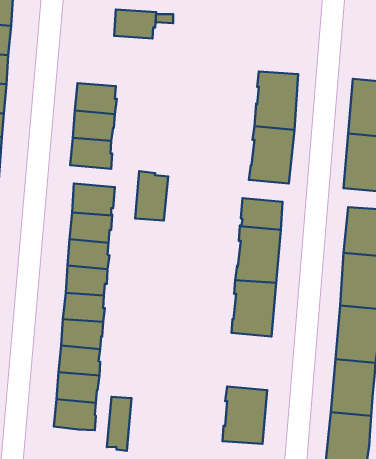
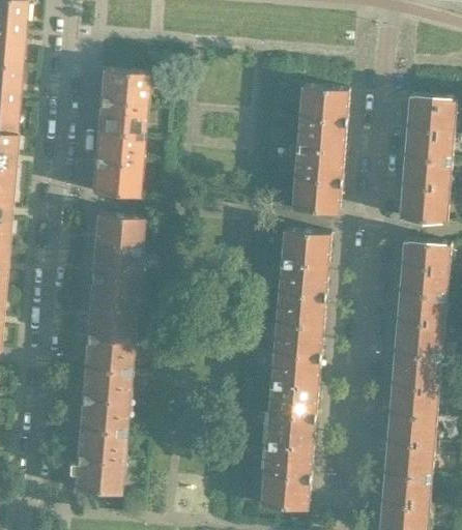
building: [114,9,156,39] -> [99,70,147,104]
building: [135,171,168,221] -> none
building: none -> [269,384,320,449]
building: [107,397,132,451] -> none

